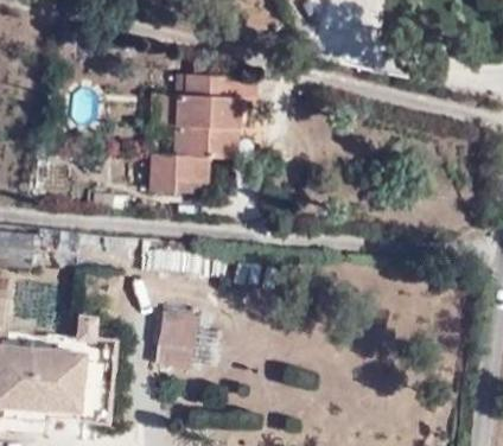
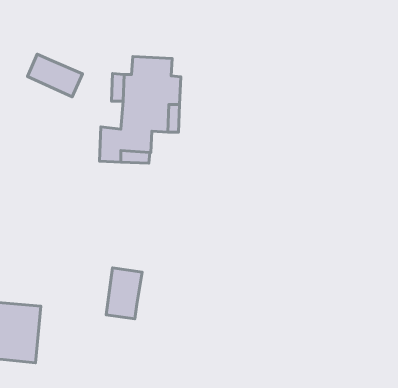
building: none -> [27,54,82,97]

